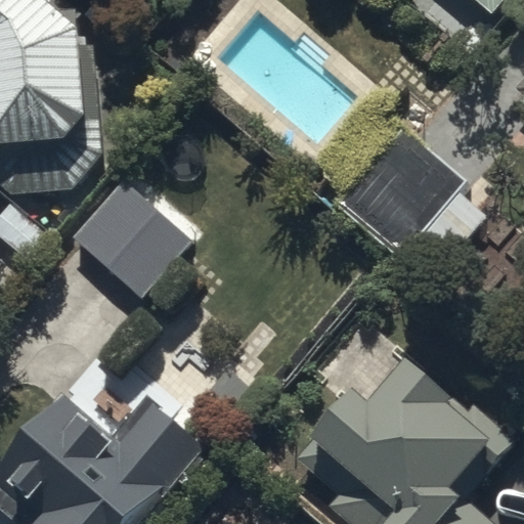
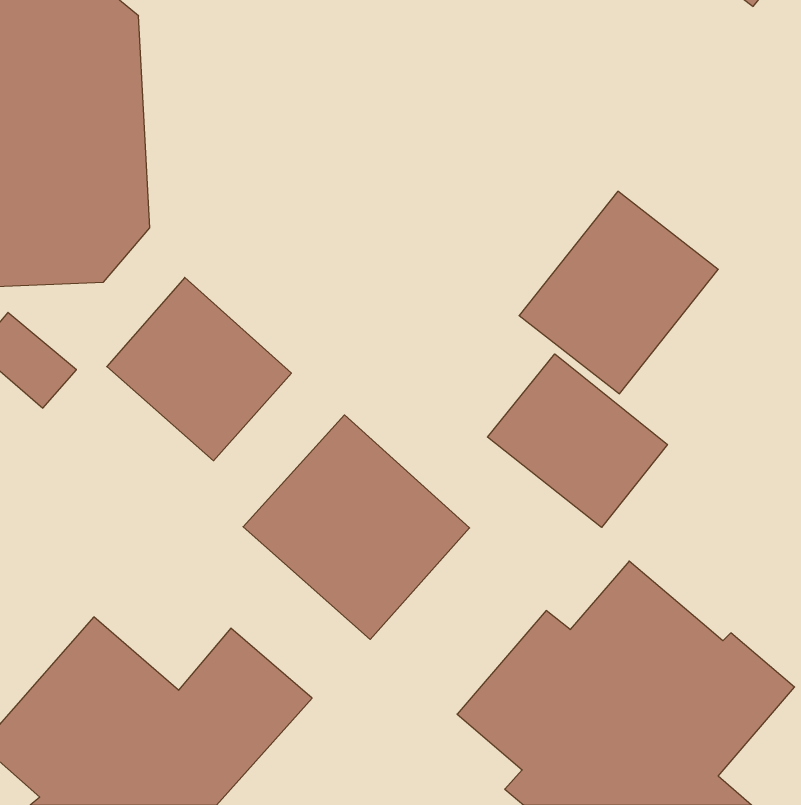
building: none -> [487,354,667,527]
building: none -> [243,415,470,639]

